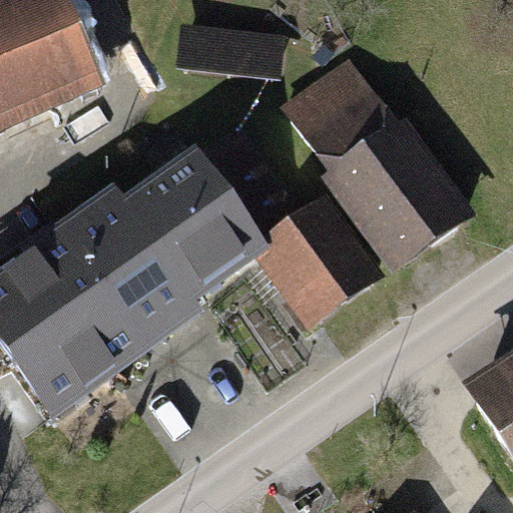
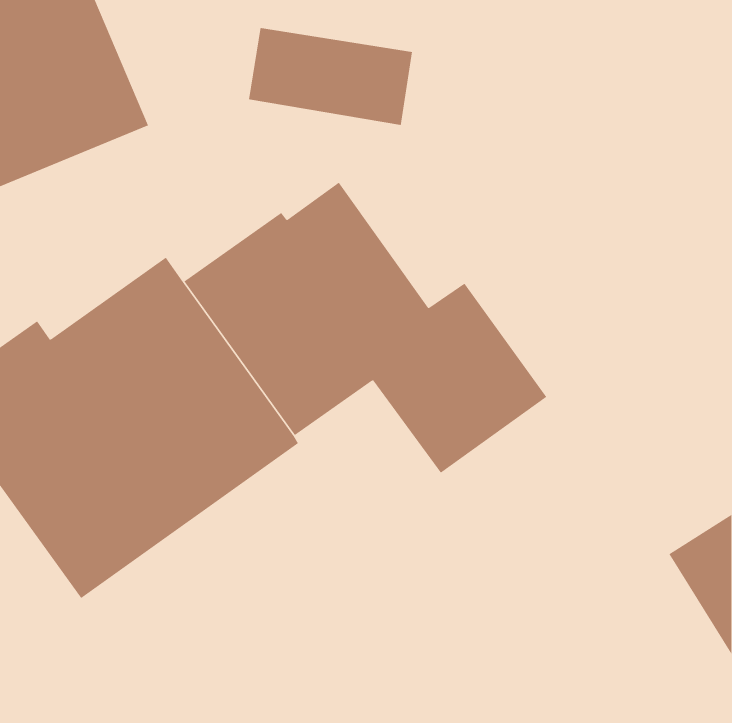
building: [280,56,476,274] -> none

